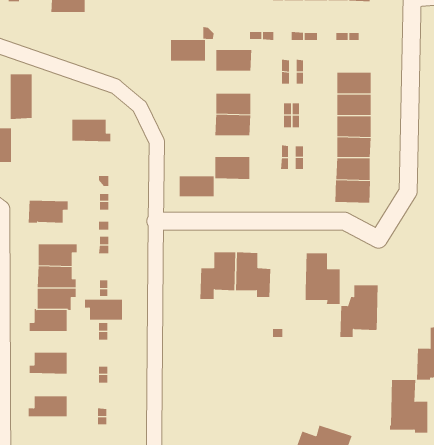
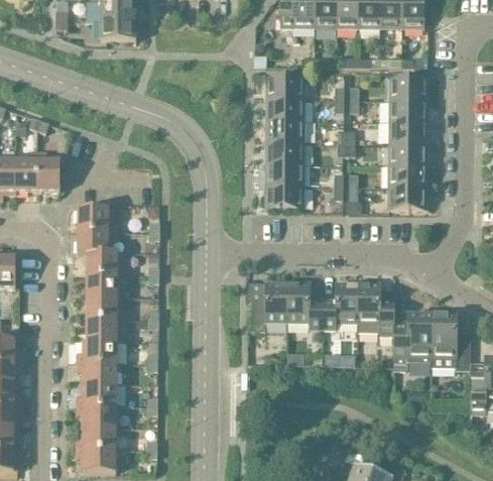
building: [170,39,206,61] -> [266,99,302,121]
building: none -> [389,78,425,100]
building: [10,74,32,120] -> none
building: [72,119,111,142] -> [77,208,117,231]
building: [179,176,214,197] -> [265,164,301,186]
building: [335,179,371,204] -> none
building: none -> [86,251,126,274]
building: none -> [322,283,358,329]
building: [84,299,123,320] -> [77,363,116,384]
building: none -> [76,405,116,429]
building: [389,379,428,433] -> [429,316,469,370]
building: none -> [76,450,116,472]

